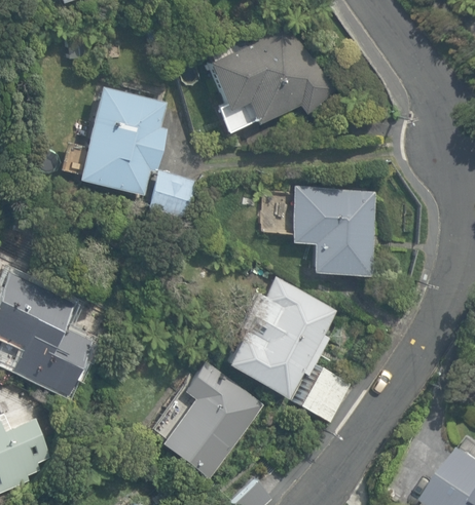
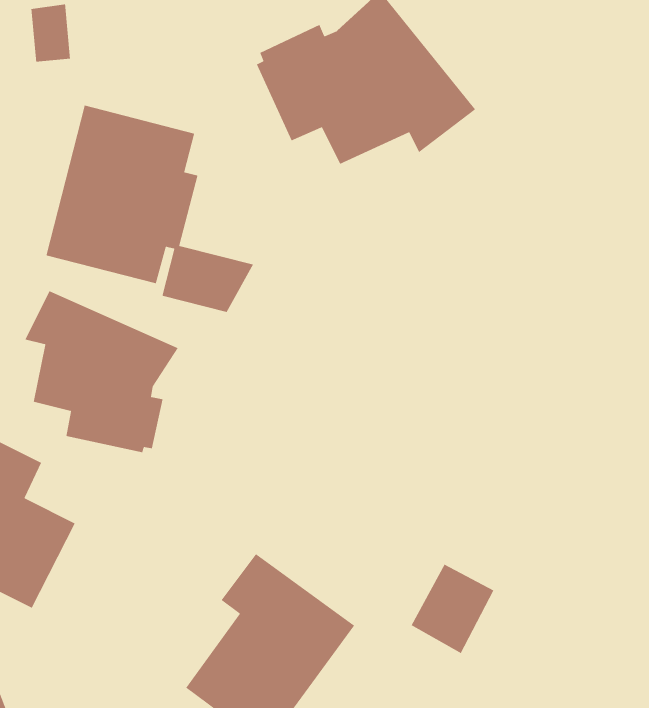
building: [290,187,377,276] -> none
building: none -> [24,290,179,453]
building: [225,277,336,400] -> none

